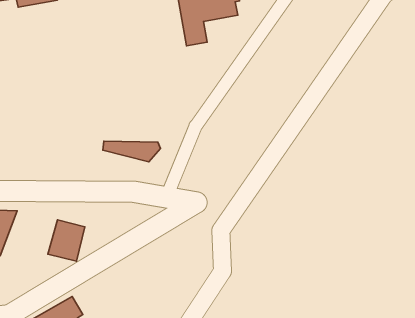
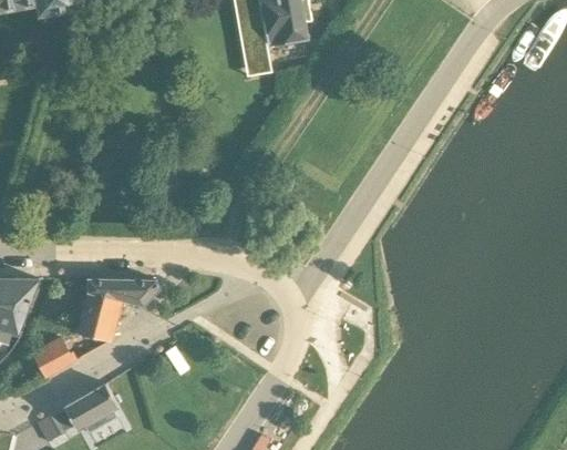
building: [103,141,161,162] -> [87,278,158,304]
building: none -> [33,335,75,377]

